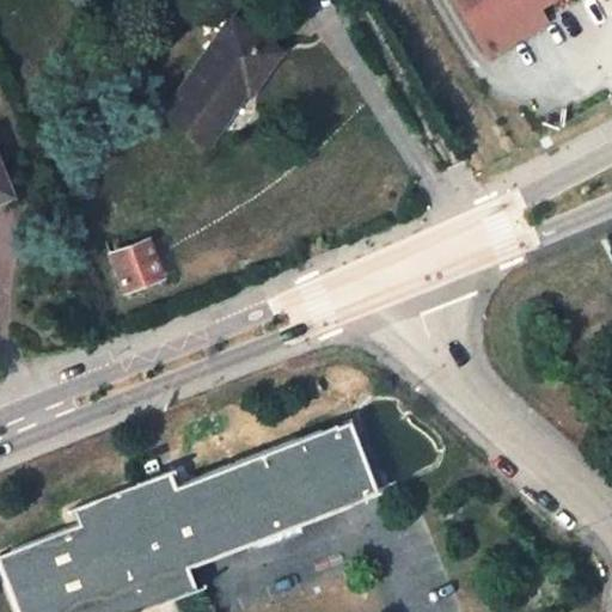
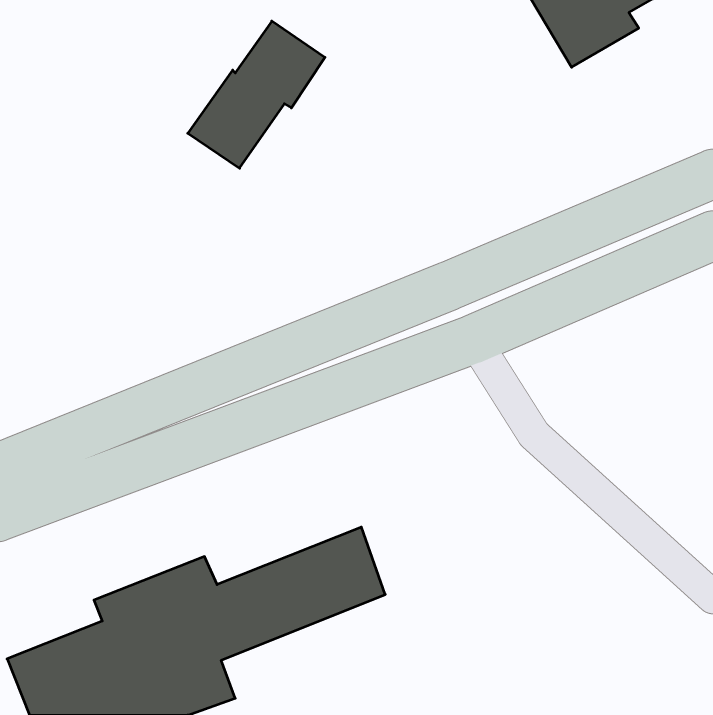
building: [109,239,160,289] -> none
building: [308,429,378,507] -> none

